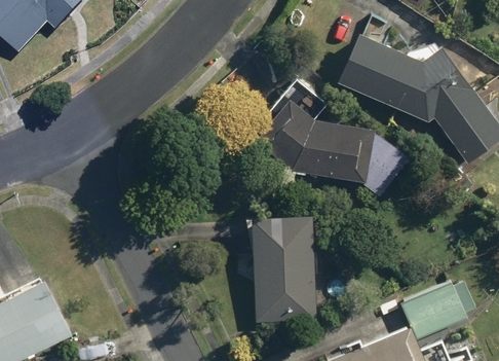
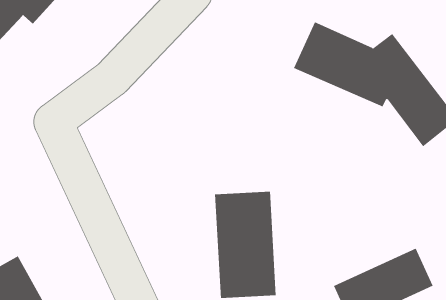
building: [248,78,410,195] -> none

